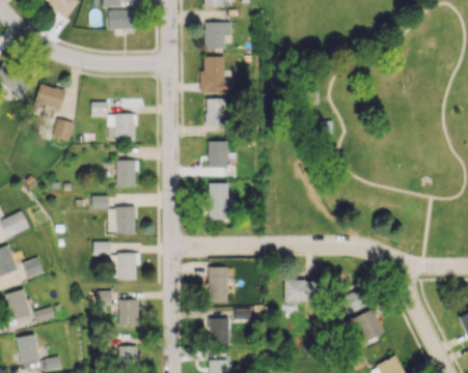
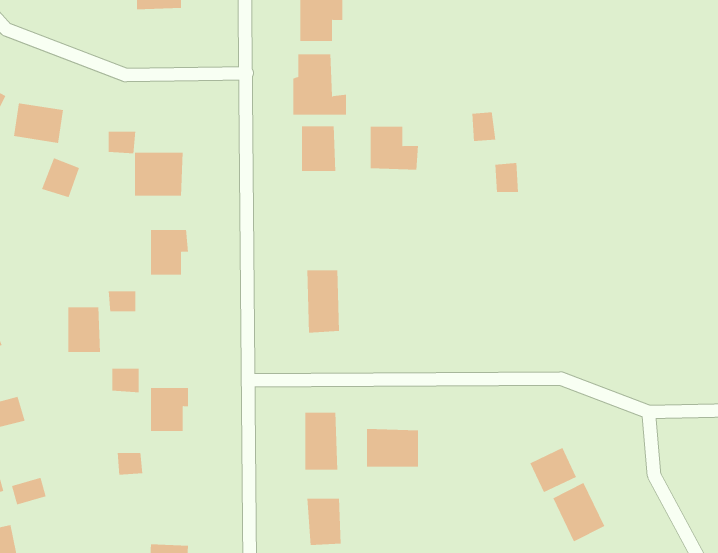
building: [208,141,237,167] -> [370,126,419,170]
building: [115,206,135,233] -> [68,307,101,353]
building: [284,280,315,303] -> [366,428,419,467]
building: [118,299,138,326] -> none

